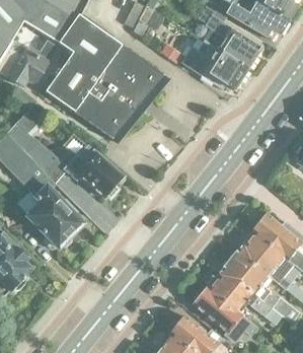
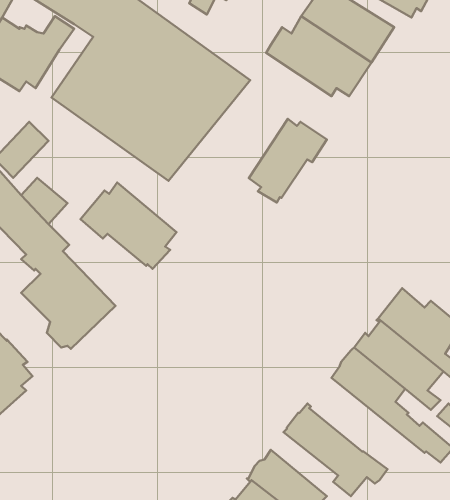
building: none -> [249,119,327,203]
building: [208,268,281,325] -> none

